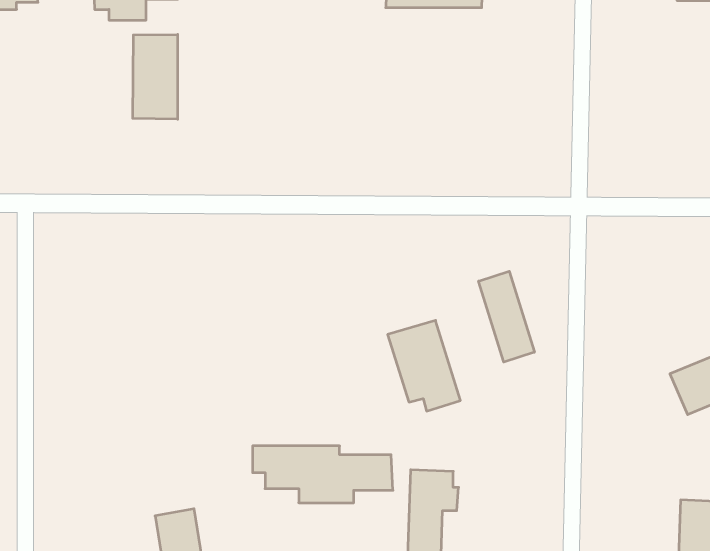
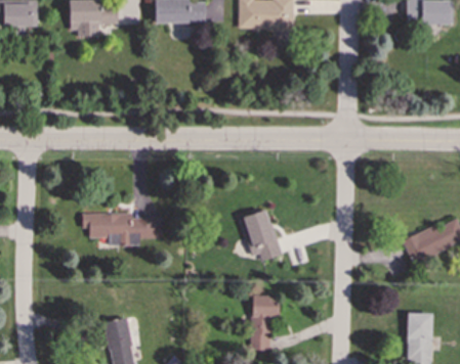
building: [133,34,178,119] -> none
building: [479,271,534,362] -> none
building: [253,446,393,503] -> [83,214,164,246]

